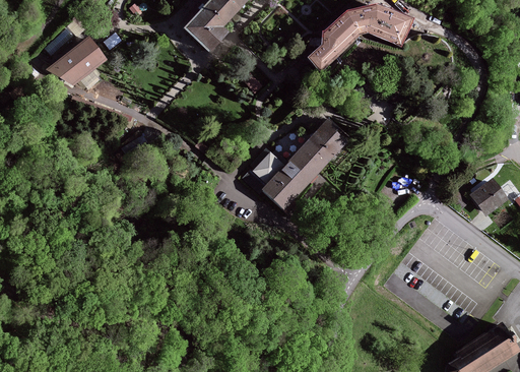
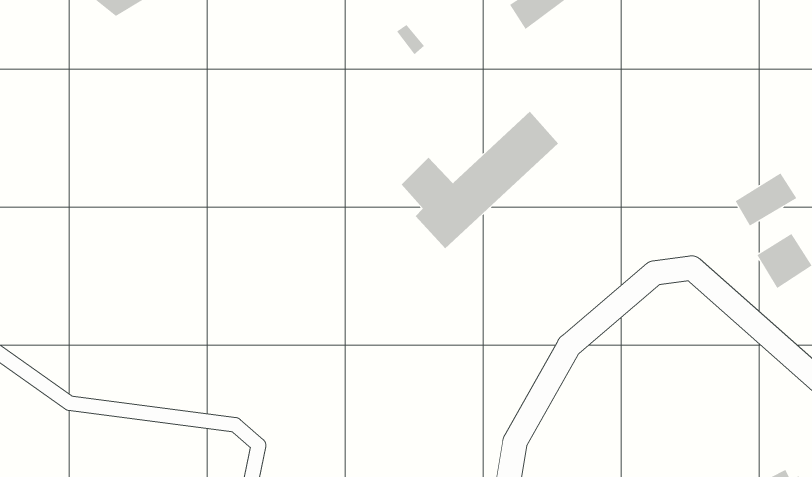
building: none -> [735,172,797,226]

